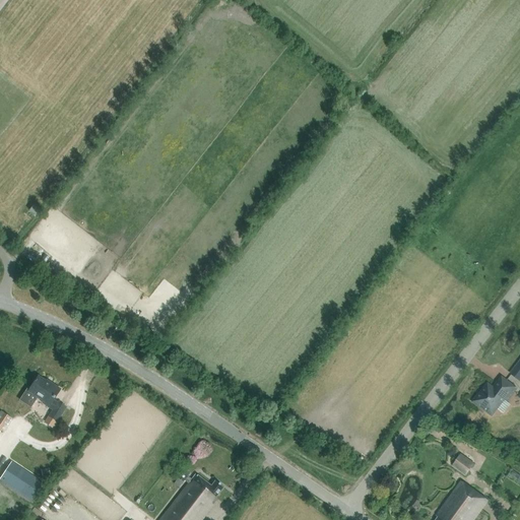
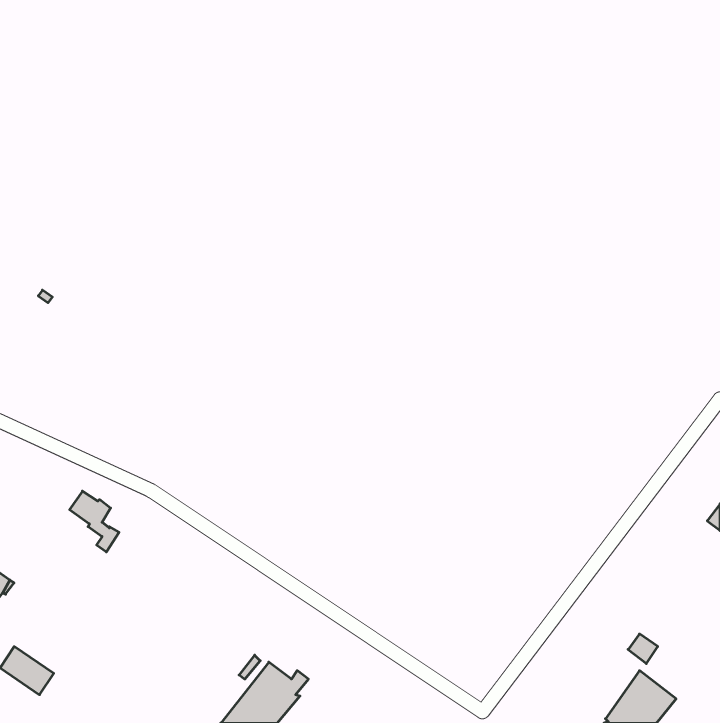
building: [471,378,513,414] -> none
building: [27,379,63,422] -> [70,491,119,552]

